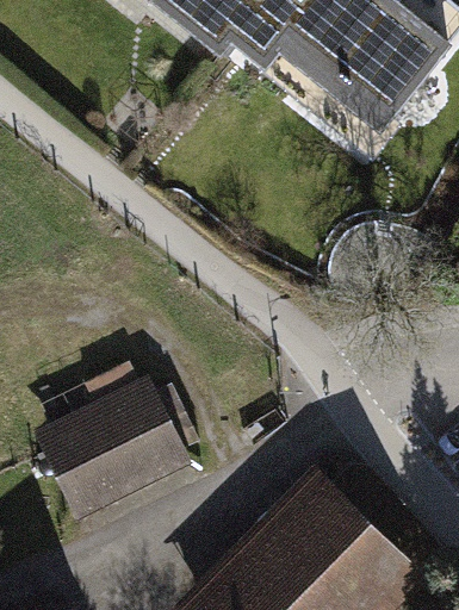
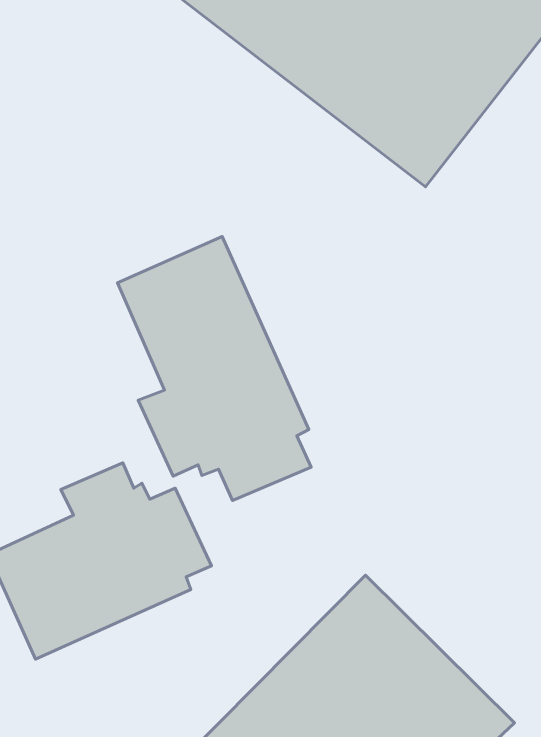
building: none -> [118,237,311,500]

